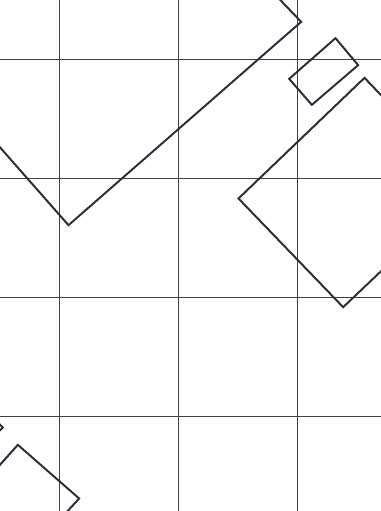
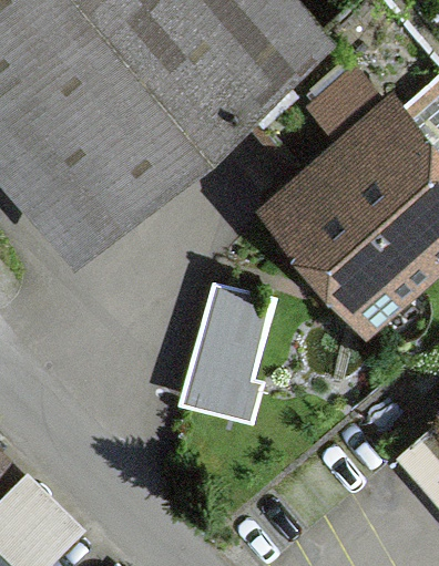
building: none -> [183,295,274,421]

